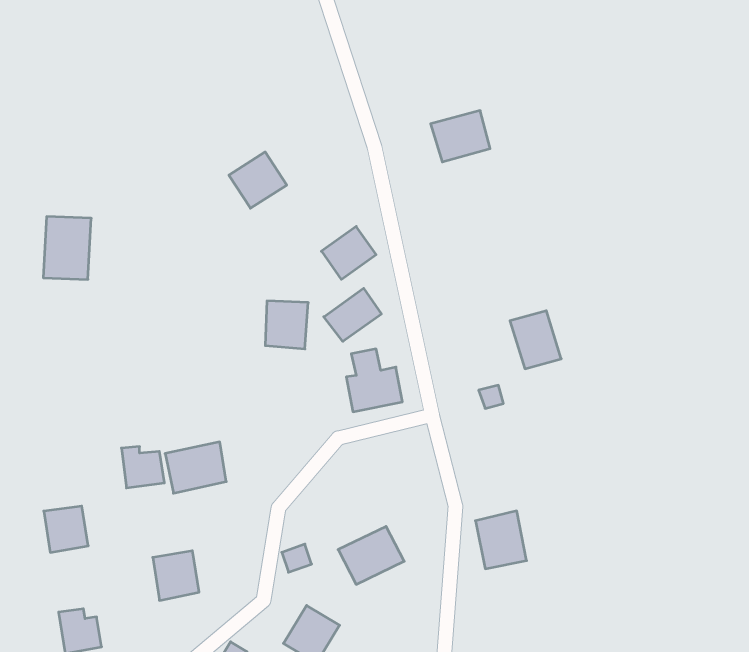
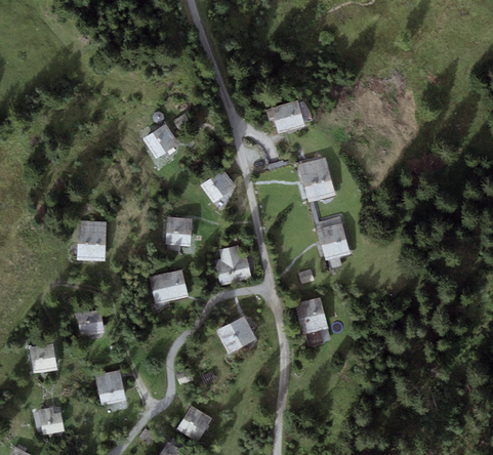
building: none -> [299,158,335,199]
building: [43,217,91,279] -> [77,222,107,261]
building: [324,288,381,341] -> none
building: [165,442,226,493] -> [150,271,188,302]
building: [475,511,527,569] -> [295,298,327,334]
building: [338,526,404,584] -> [215,317,256,353]

